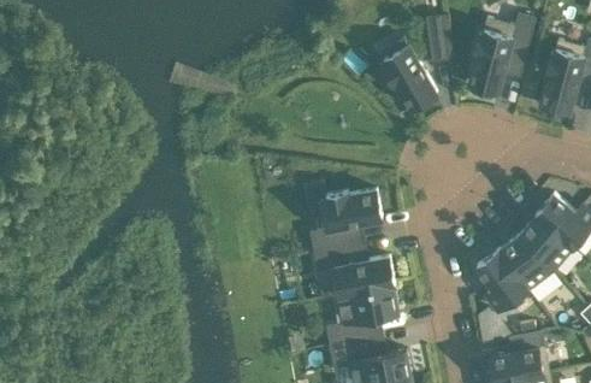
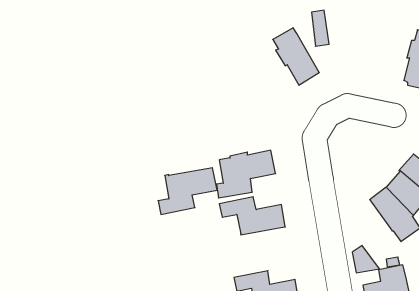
building: [469,14,536,93] -> none
building: [477,249,527,312] -> none
building: [326,285,400,343] -> [158,168,217,214]

